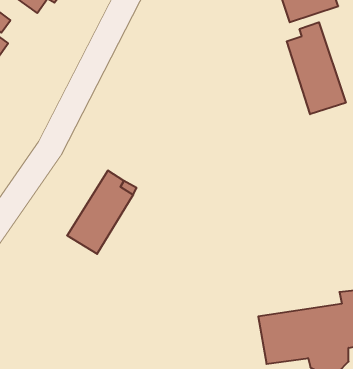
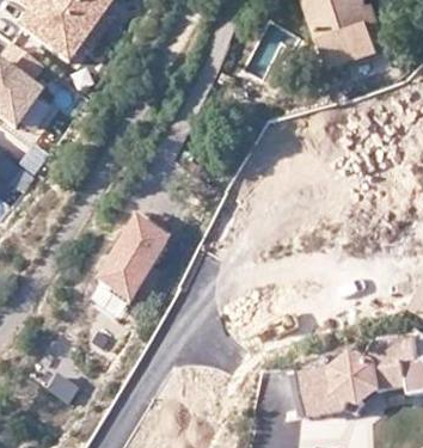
building: [287,22,346,114] -> none

